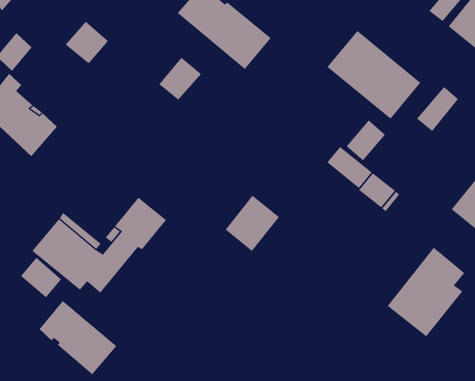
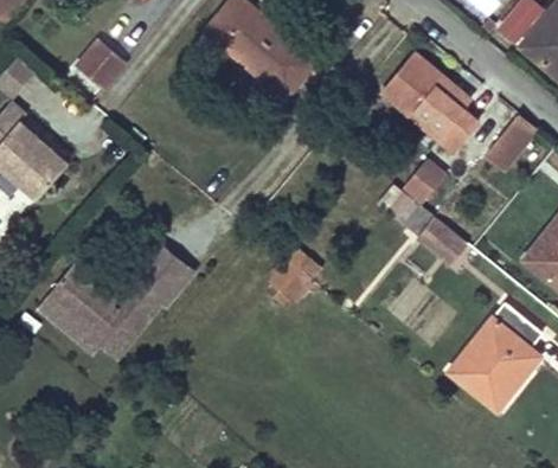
building: [158,57,202,101] -> none
building: [20,257,62,298] -> none
building: [39,300,117,375] -> none

